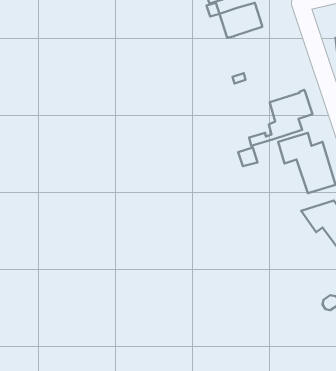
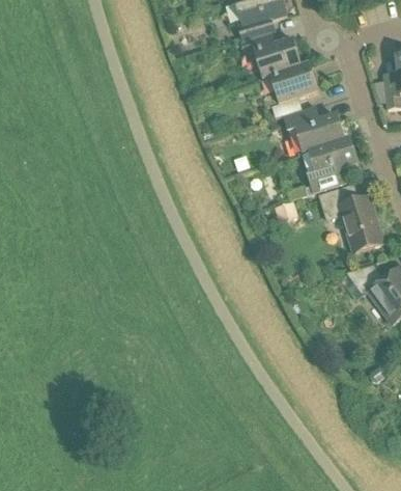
building: none -> [264,61,318,106]
building: none -> [284,104,343,152]

